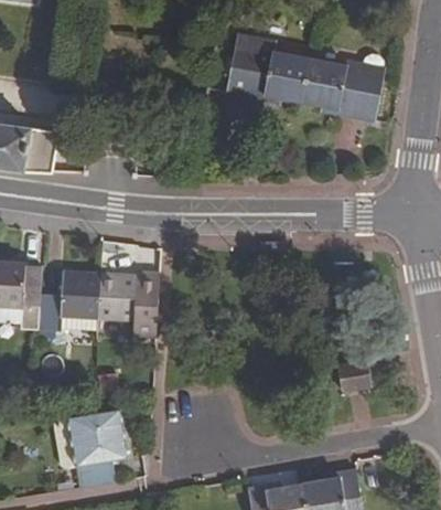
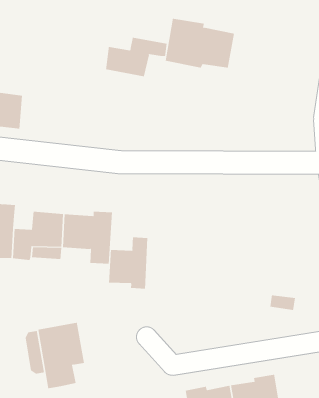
building: [302,52,390,118] -> none
building: none -> [105,37,167,77]
building: none -> [109,236,148,290]

